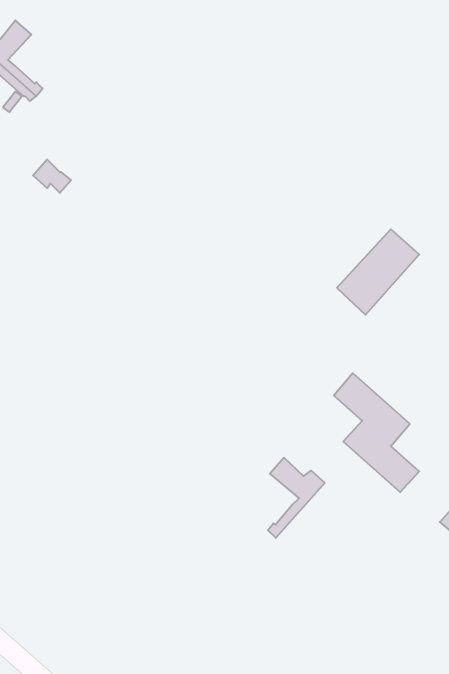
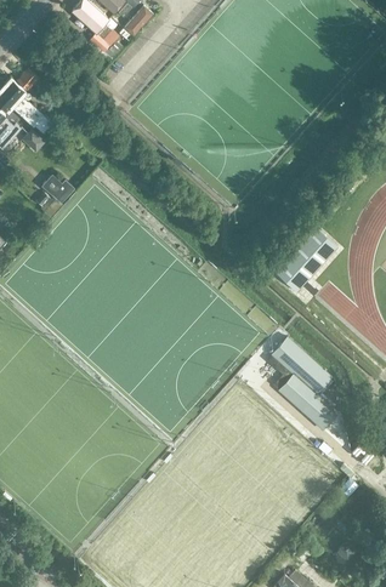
building: [268,458,325,538] -> none

